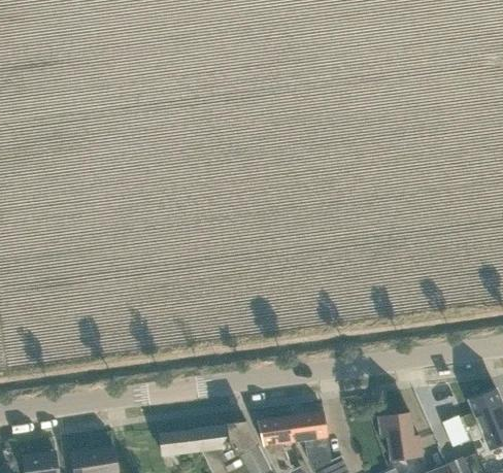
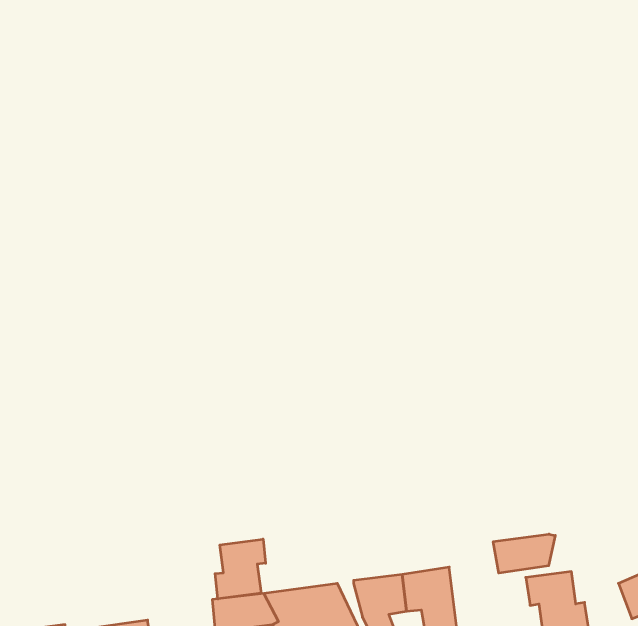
building: none -> [493,534,555,573]
building: none -> [215,539,266,599]

